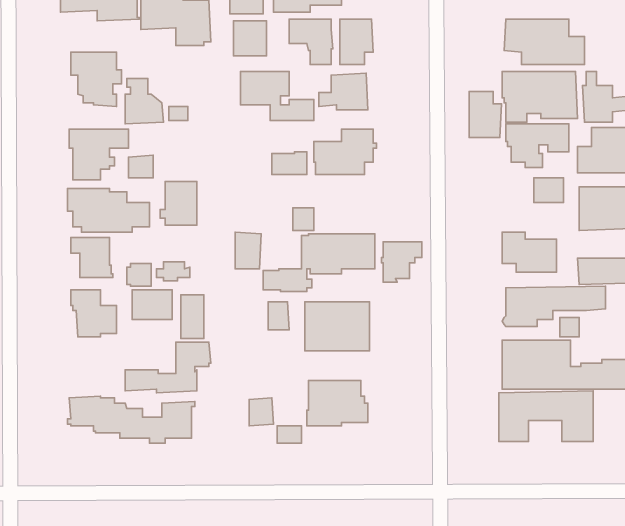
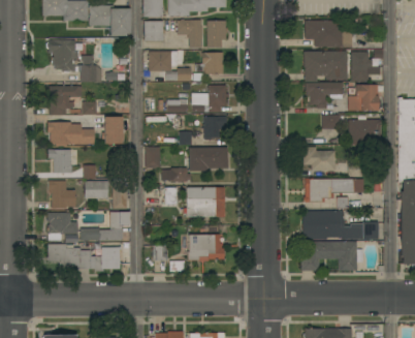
building: [469,92,502,138] -> none
building: [382,242,422,282] -> [203,117,227,141]
building: none -> [47,213,78,241]

